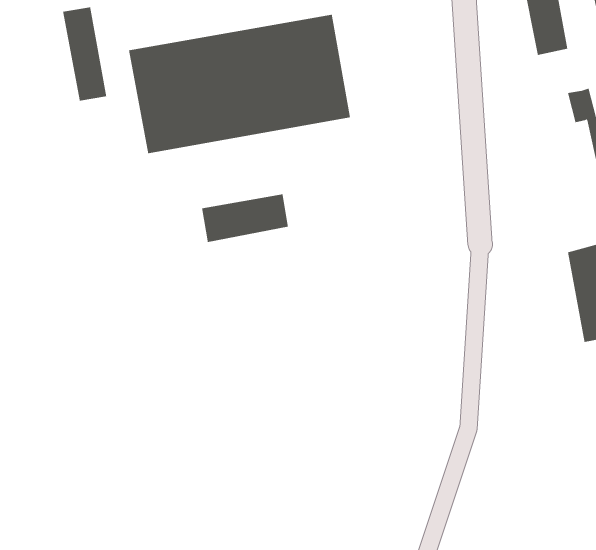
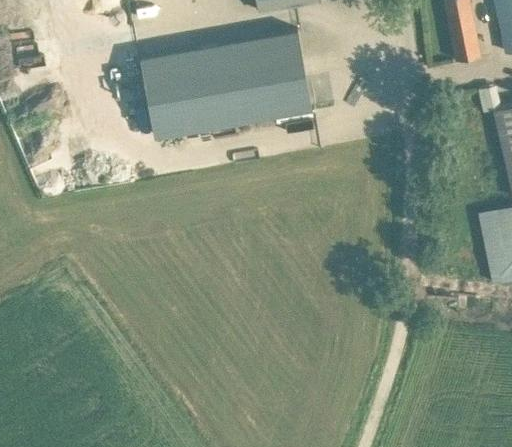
building: [62,6,107,101] -> none
building: [201,193,288,243] -> none

